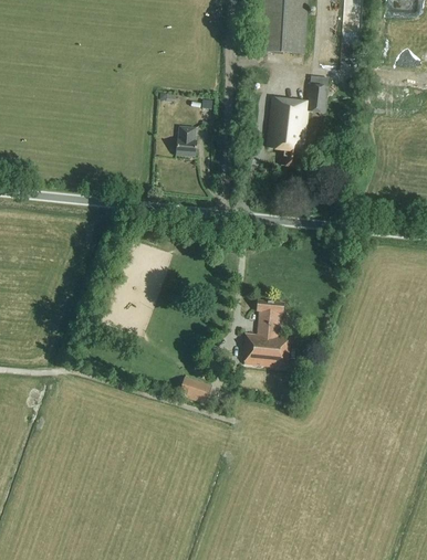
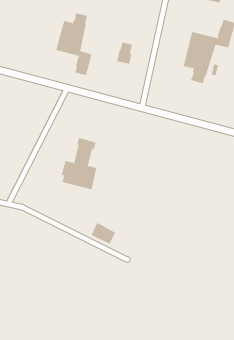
building: none -> [56,12,92,76]
building: [242,298,290,367] -> [61,137,97,190]

